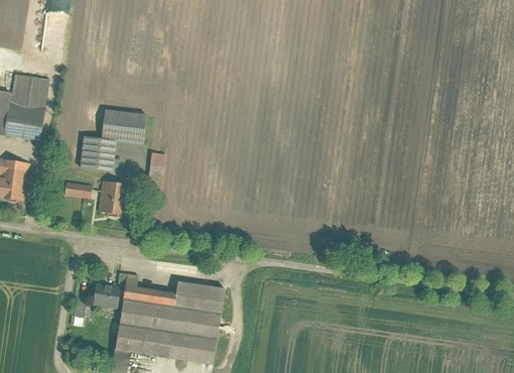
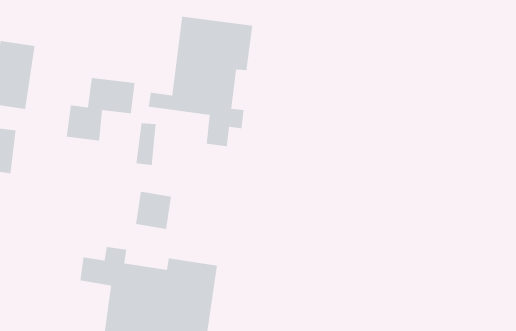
building: none -> [148,16,253,147]
building: [63,178,91,197] -> none
building: [95,178,130,216] -> [135,191,172,230]

